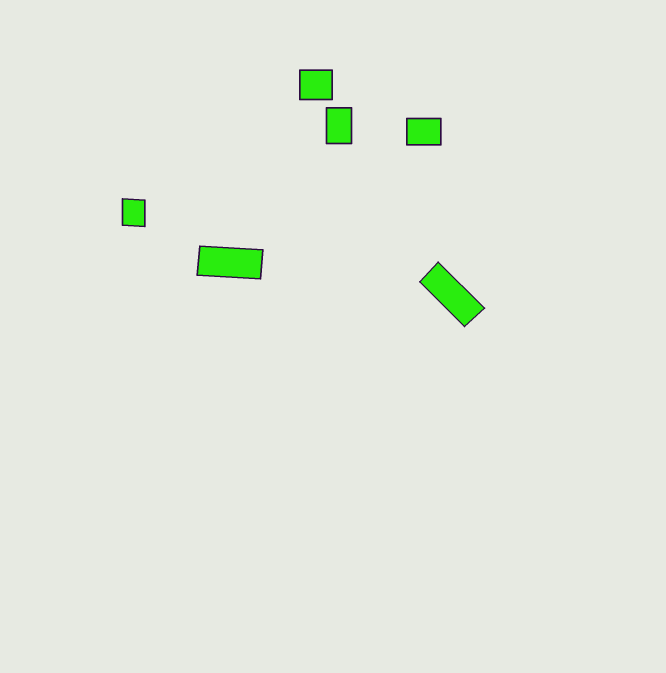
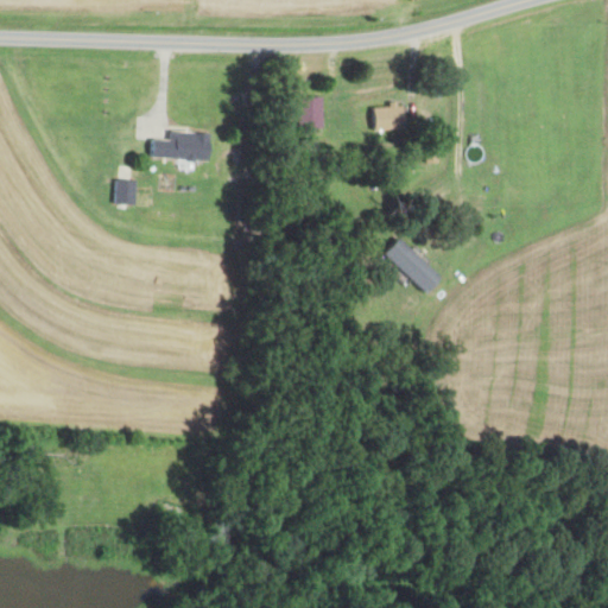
building: [300,70,332,100] -> none
building: [197,246,263,279] -> [151,132,210,162]

